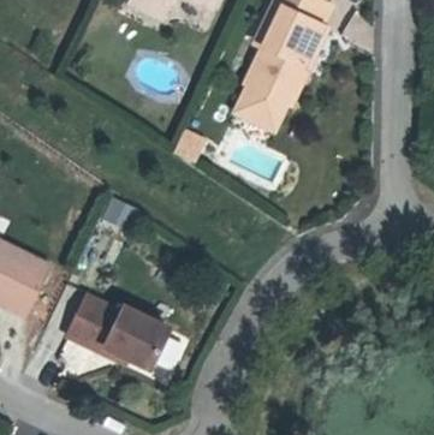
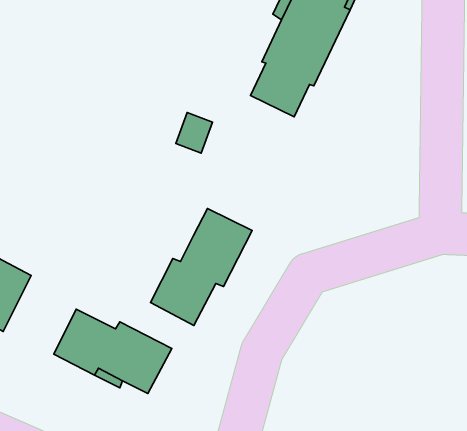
building: none -> [150,208,252,326]

